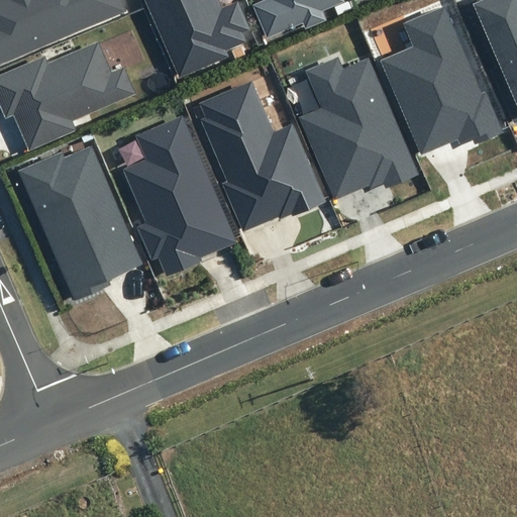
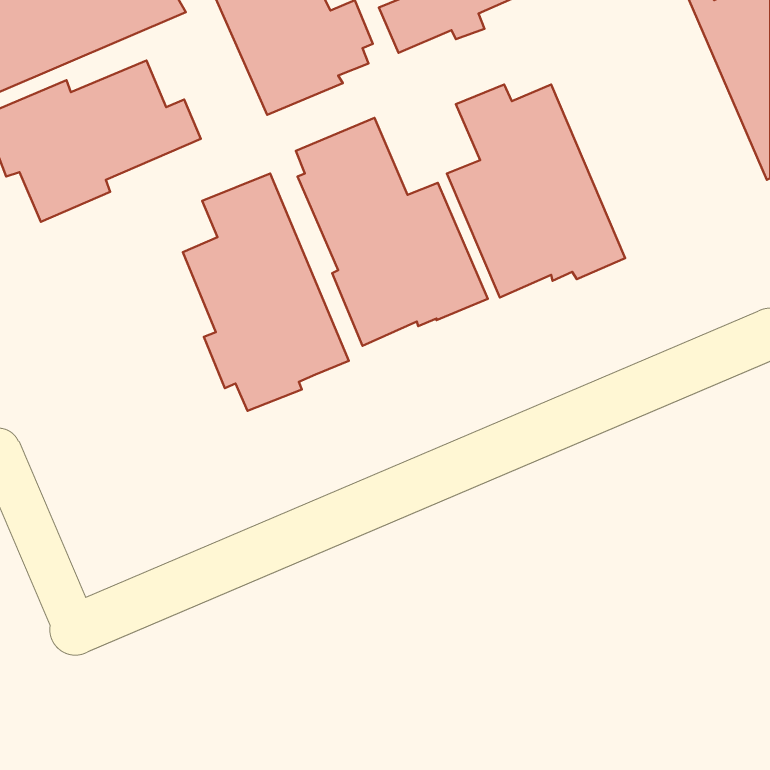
building: [381,5,501,153] -> none
building: [18,143,143,298] -> none

